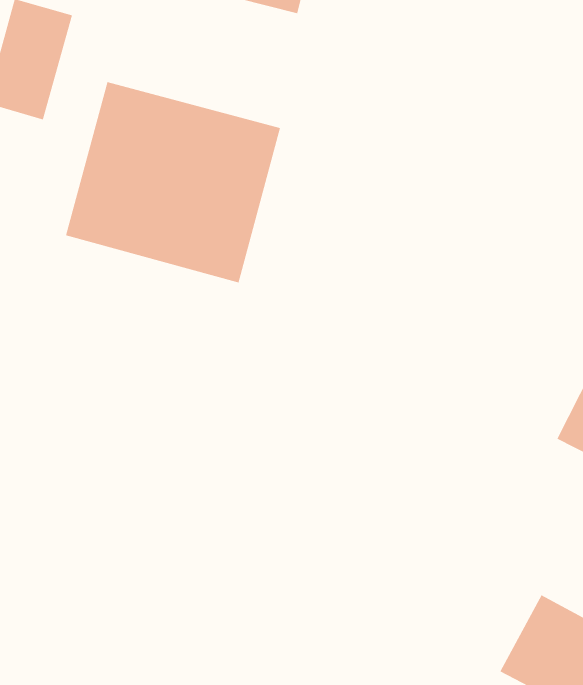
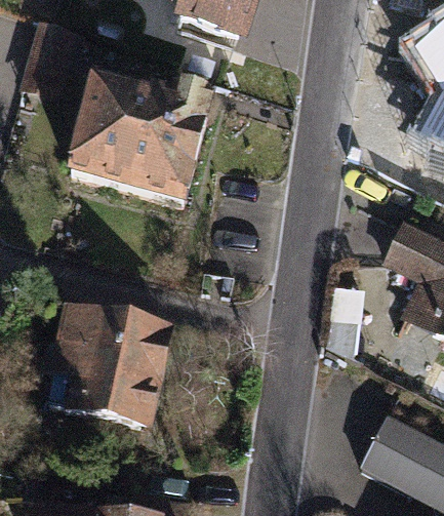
building: none -> [44,305,172,427]

